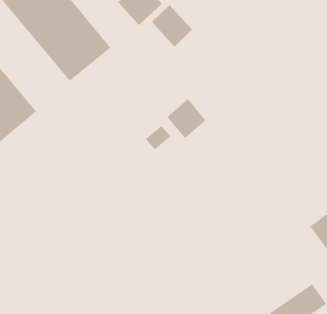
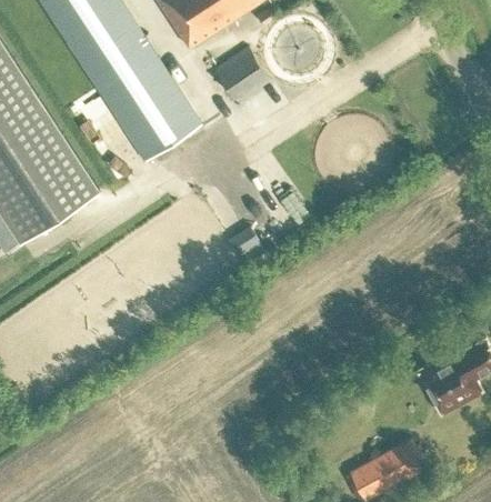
building: [151,4,193,47] -> none
building: [167,98,206,139] -> none

